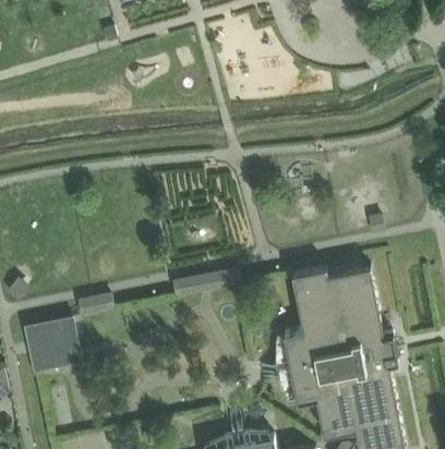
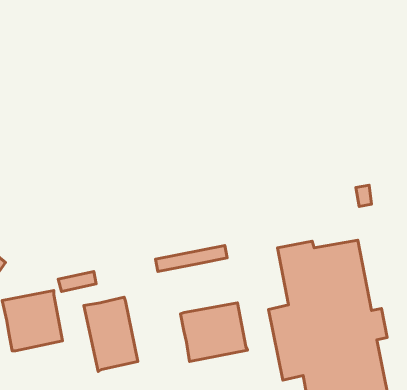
building: none -> [84,297,138,371]
building: none -> [181,303,248,362]

